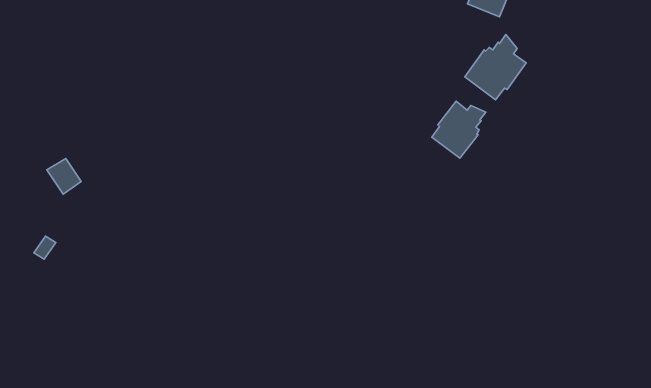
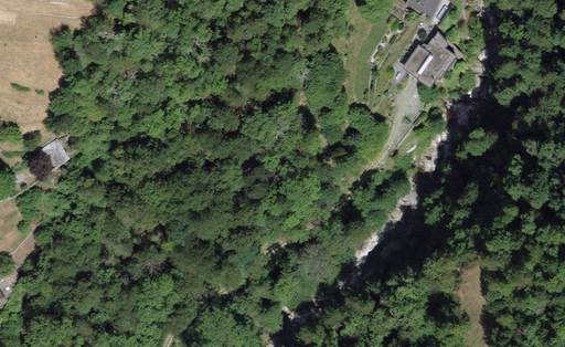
building: [432,101,486,158] -> none

